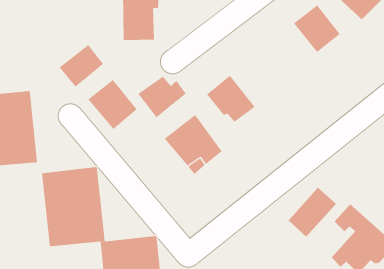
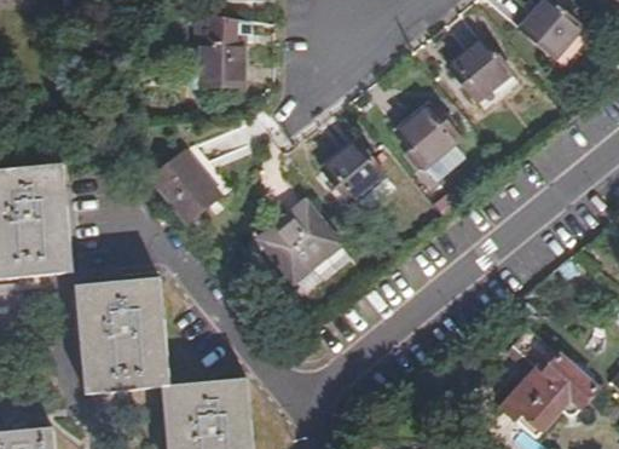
building: [59,44,104,87] -> none
building: none -> [394,102,461,178]
building: [138,76,186,118] -> none
building: [288,187,337,237] -> none

